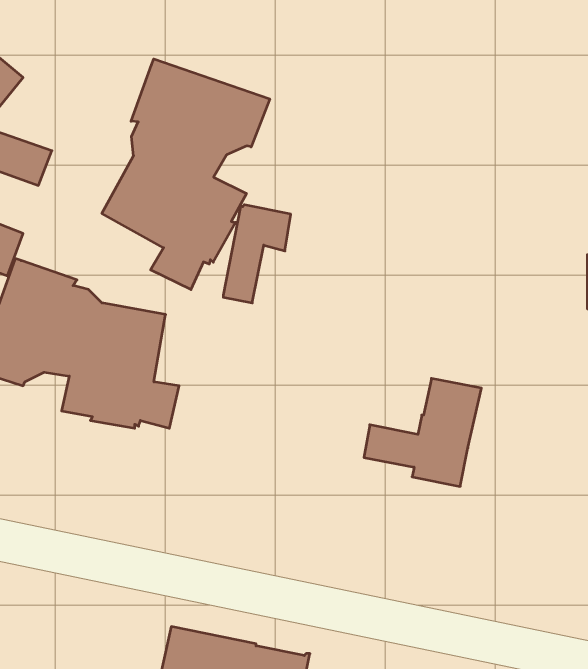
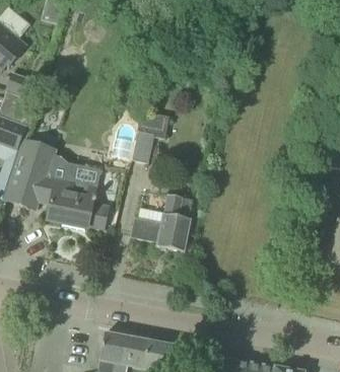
building: [102,59,270,290] -> none
building: [364,378,481,486] -> [132,194,194,250]

